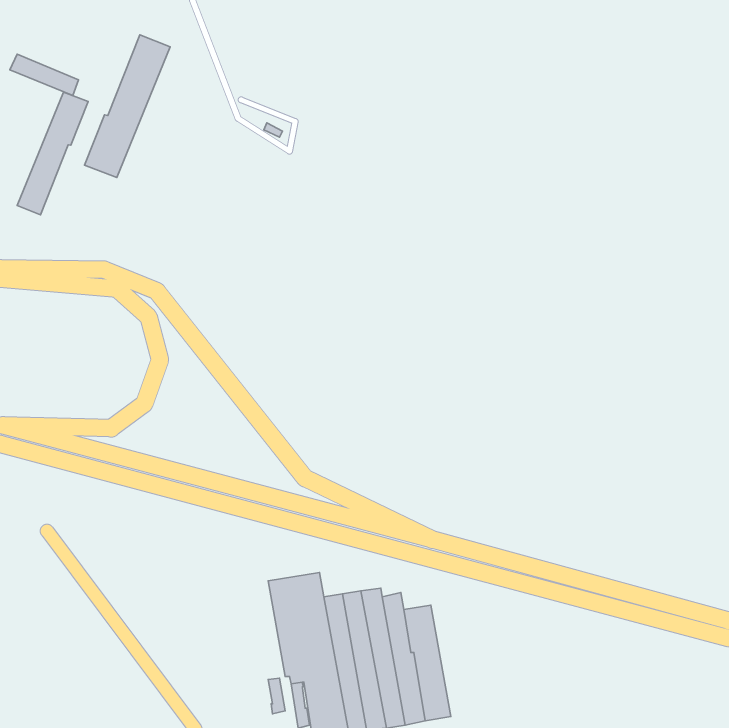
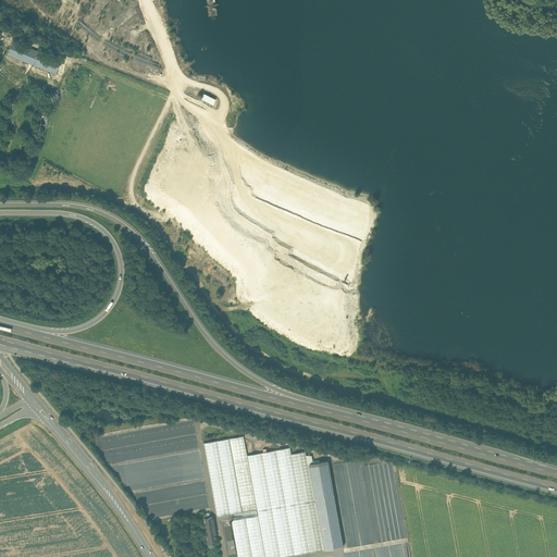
building: [85,35,170,178] -> none
building: [17,92,88,215] -> none

